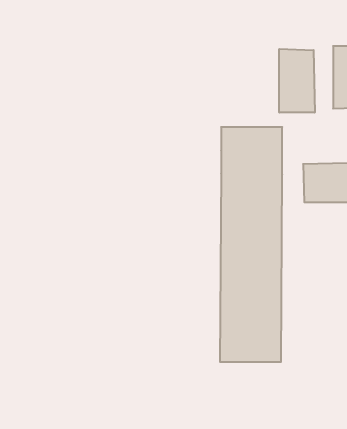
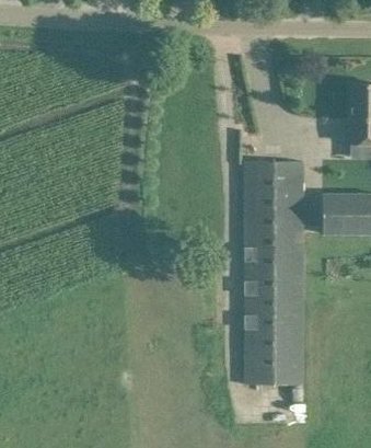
building: [279,49,315,113] -> none

